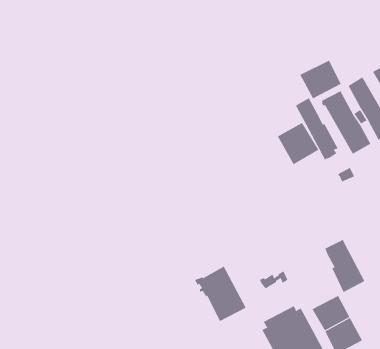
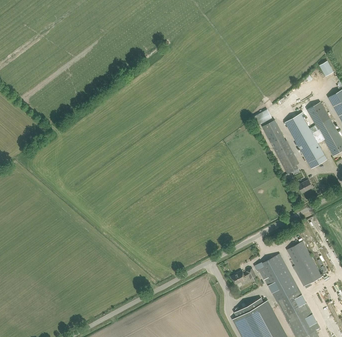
building: [300,60,341,99] -> none
building: [277,122,319,165] -> none
building: [194,266,246,322] -> [253,253,298,301]

